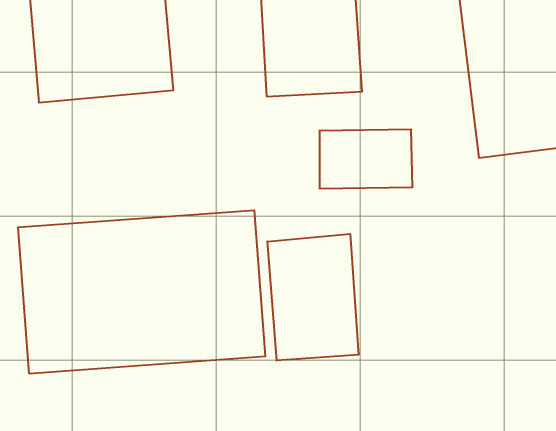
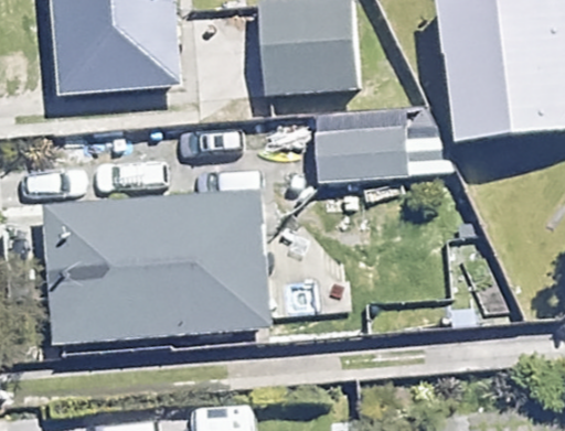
building: [267,234,359,361] -> none

